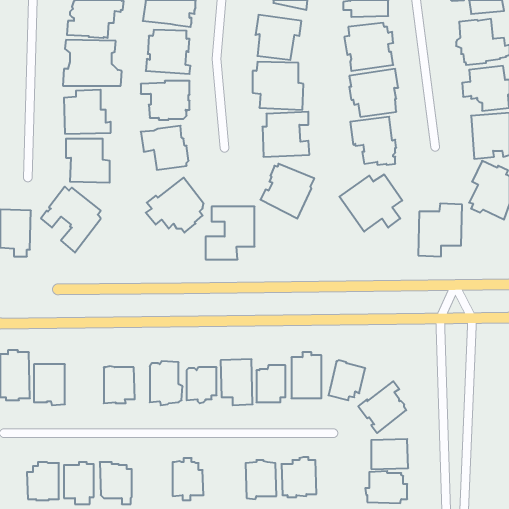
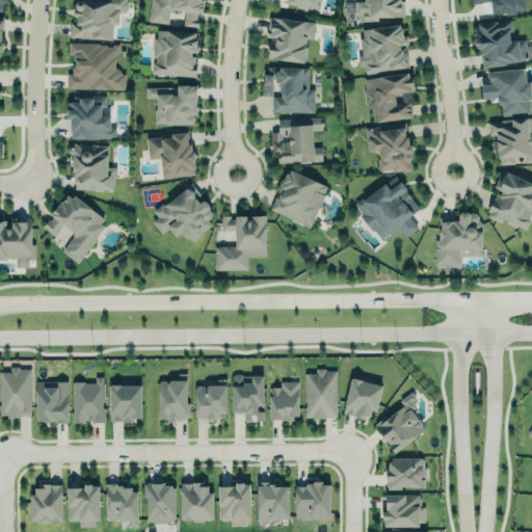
building: none -> [72,376,106,423]
building: none -> [217,478,250,524]
building: none -> [143,481,176,523]

